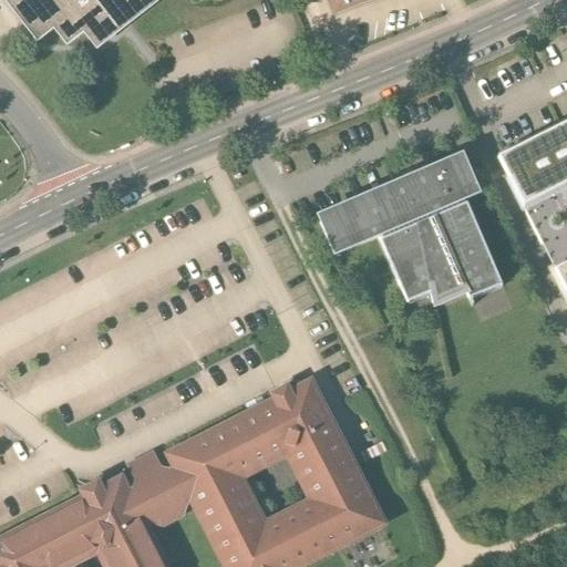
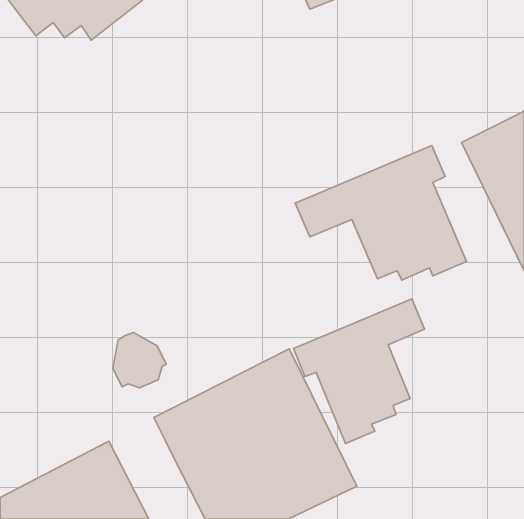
building: none -> [294,299,424,444]
building: [131,461,188,520] -> [113,332,166,388]

